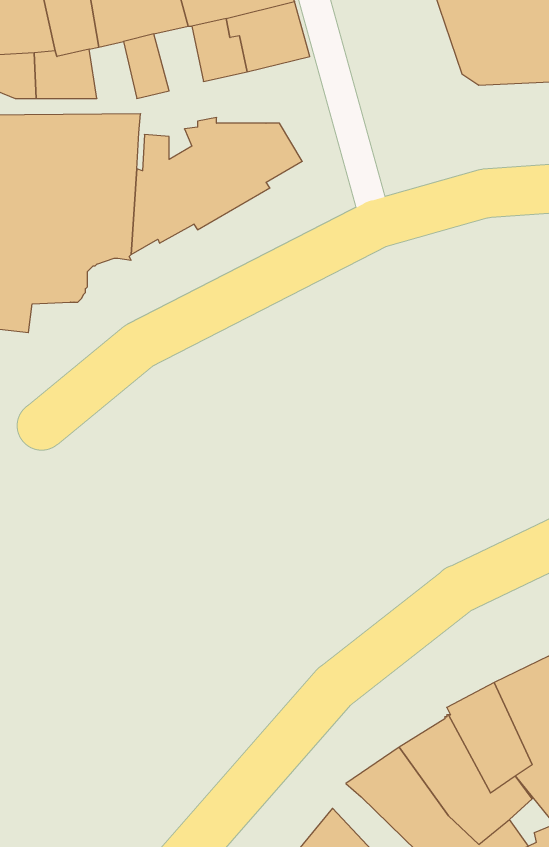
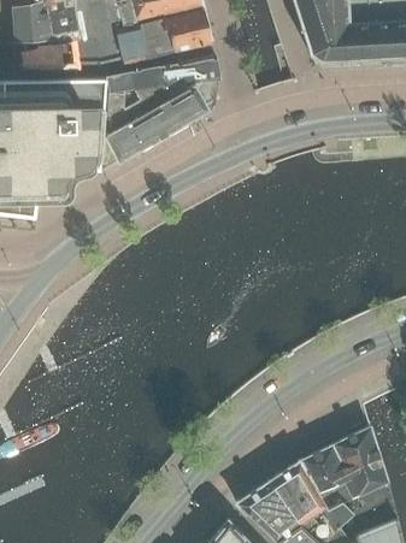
building: none -> [114,23,146,64]
building: none -> [73,33,104,69]
building: none -> [105,54,219,90]

